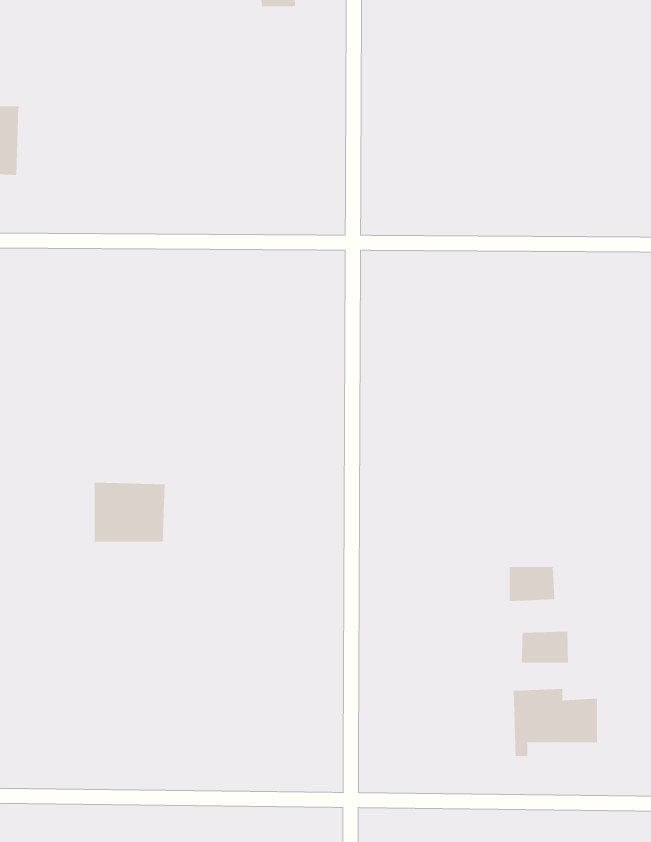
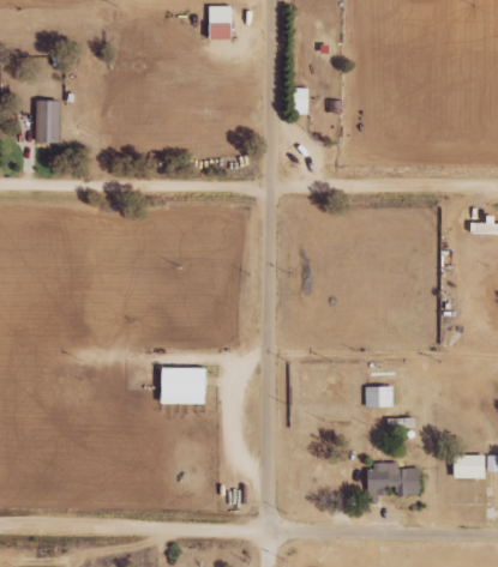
building: [94,482,165,542] -> [162,367,206,404]
building: [521,631,569,663] -> none

